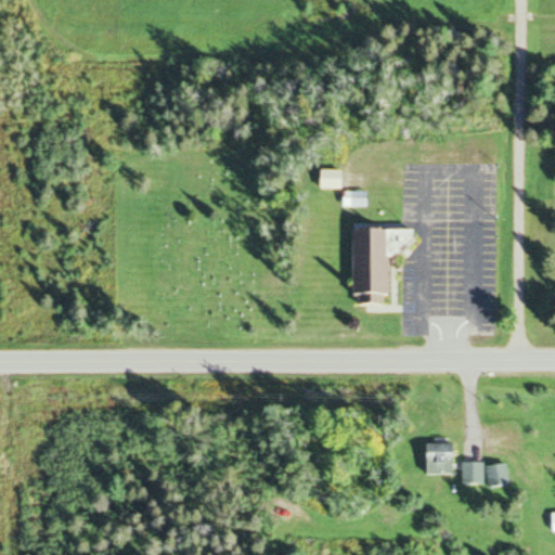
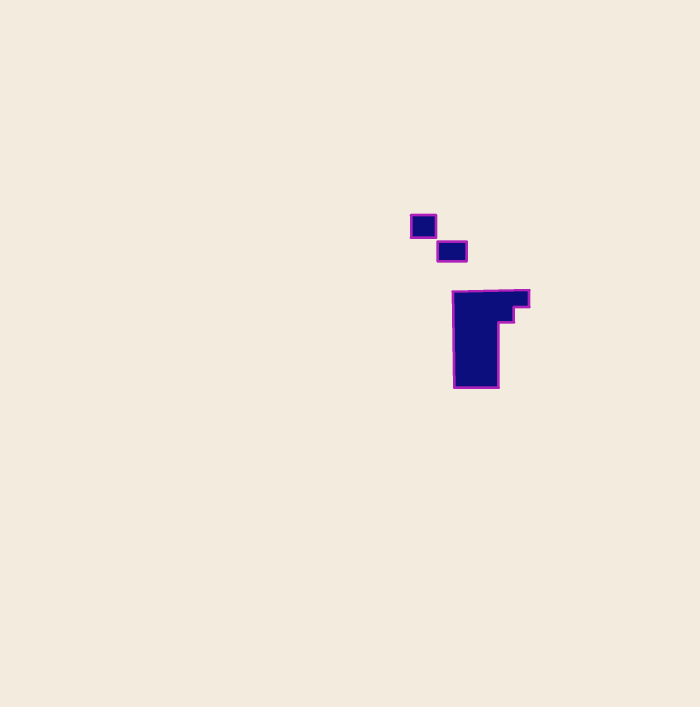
building: [421,441,454,473] -> none
building: [459,461,507,483] -> none

